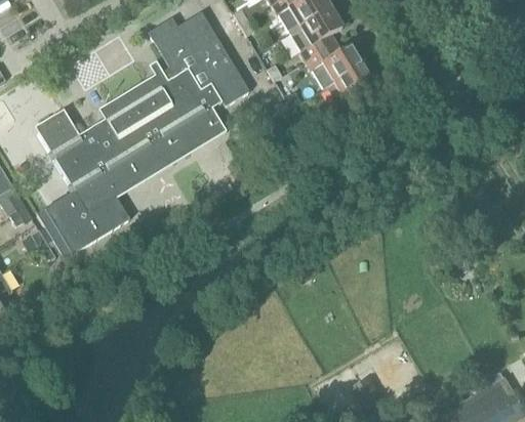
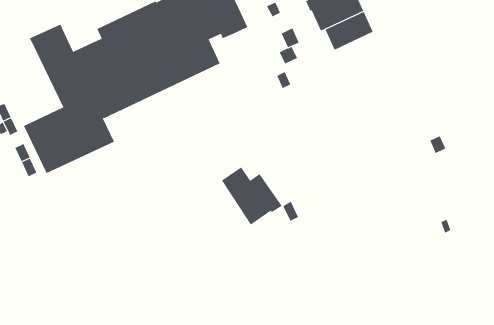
building: none -> [221,166,282,225]

